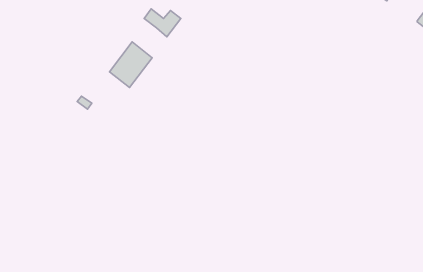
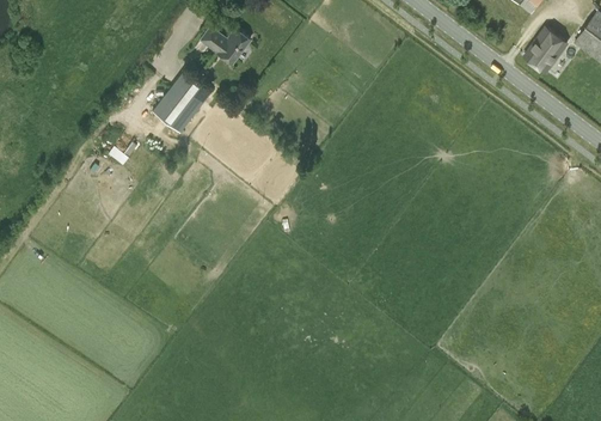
building: none -> [526,25,569,71]

